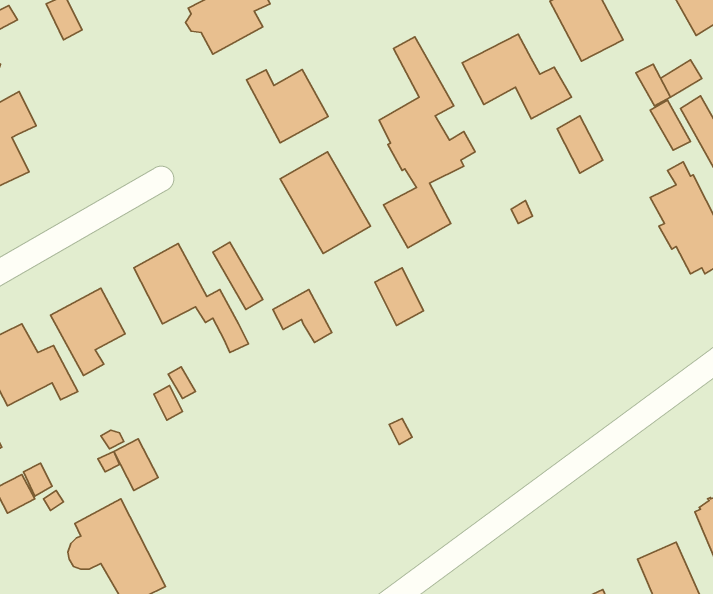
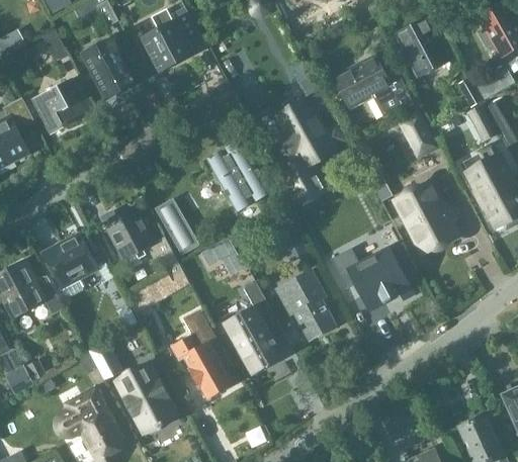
building: none -> [82,37,136,98]
building: none -> [34,77,96,132]
building: [246,69,328,143] -> none
building: none -> [394,182,456,253]
building: none -> [329,243,415,308]
building: none -> [274,270,332,337]
building: none -> [223,283,279,374]
building: none -> [169,311,231,398]
building: none -> [115,363,176,434]

